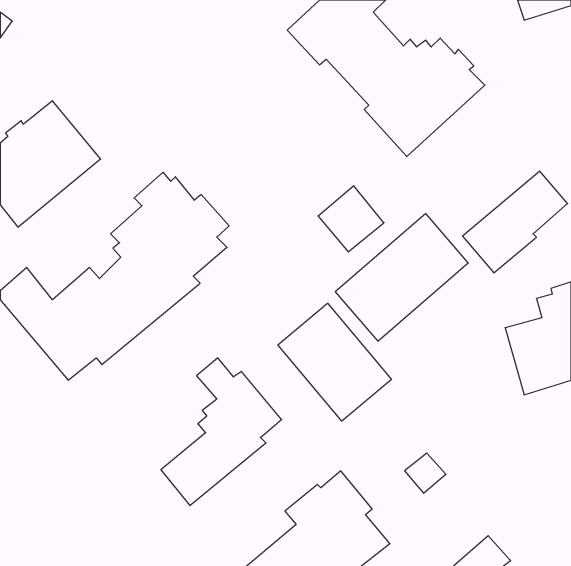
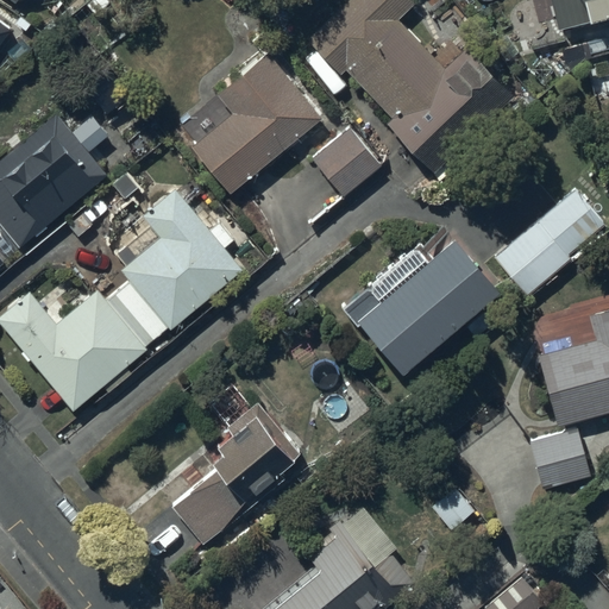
building: none -> [189,51,321,194]
building: [318,186,384,252] -> [312,127,382,197]
building: [278,303,391,421] -> none
building: none -> [529,429,589,490]

